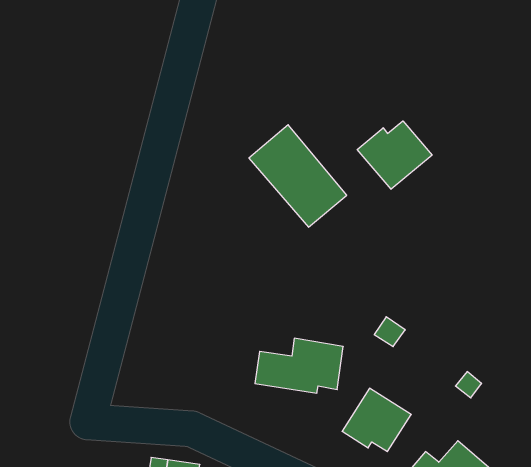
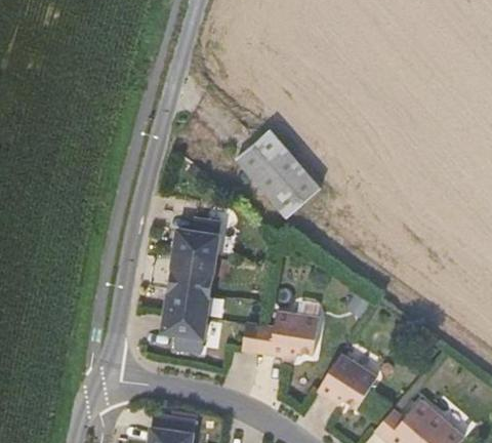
building: [357,121,432,189] -> none
building: none -> [160,217,223,354]

